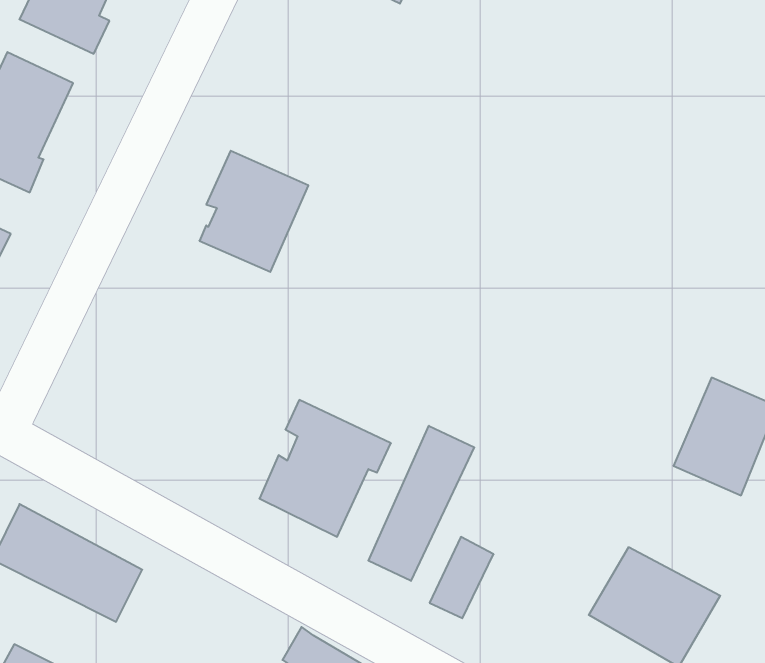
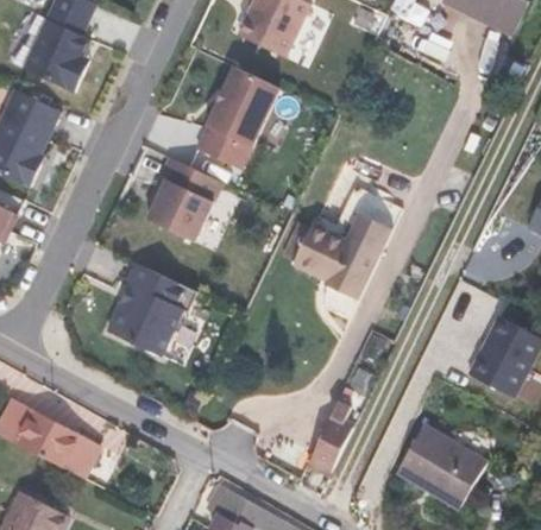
building: none -> [197,65,278,168]
building: none -> [291,212,389,299]
building: [259,400,391,537] -> [106,261,196,355]
building: [368,426,474,581] -> none

